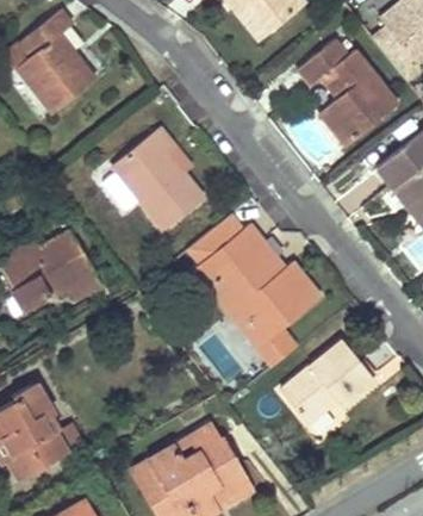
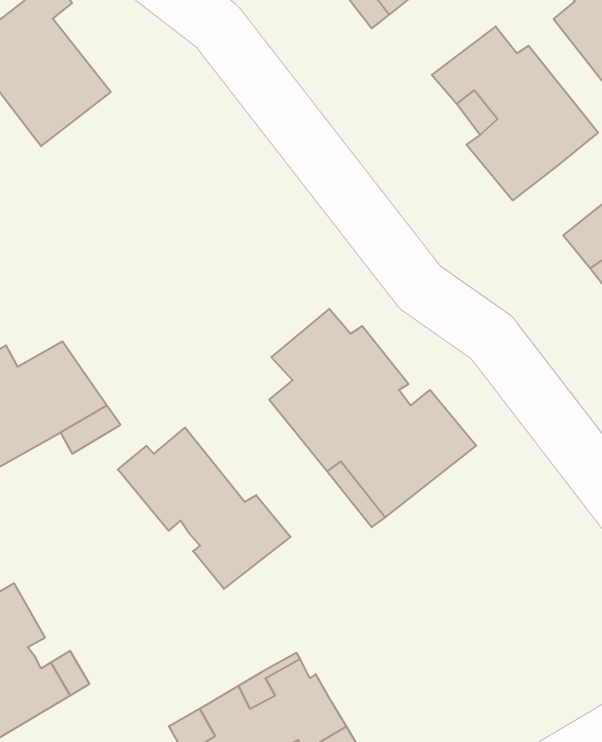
building: [112,128,204,231] -> none
building: none -> [118,428,291,589]
building: [282,341,375,424] -> none

